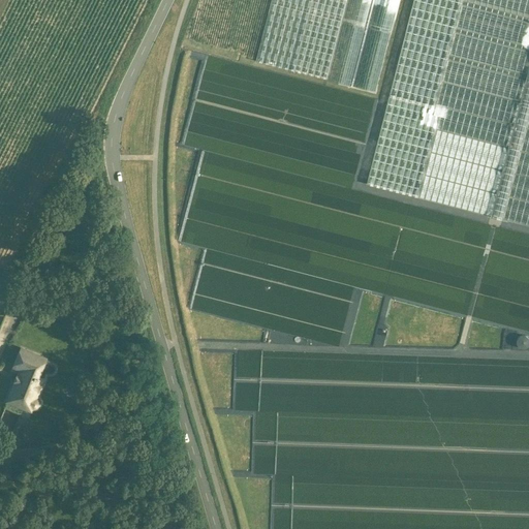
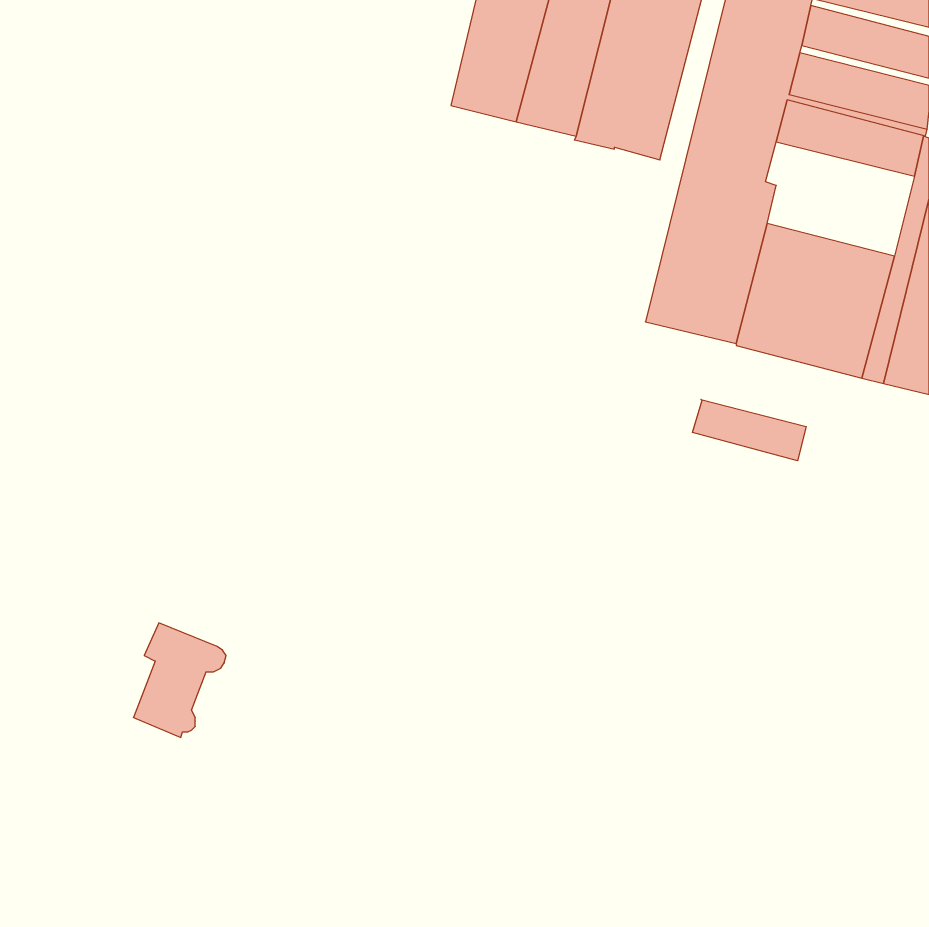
building: [435,81,520,146] -> none
building: none -> [693,399,806,461]
building: [6,347,59,412] -> [133,623,226,737]

